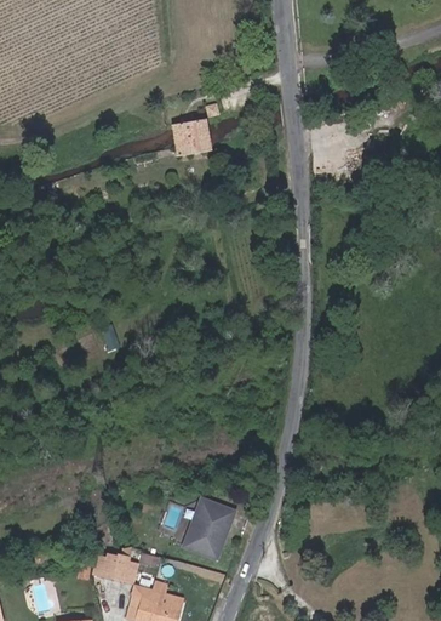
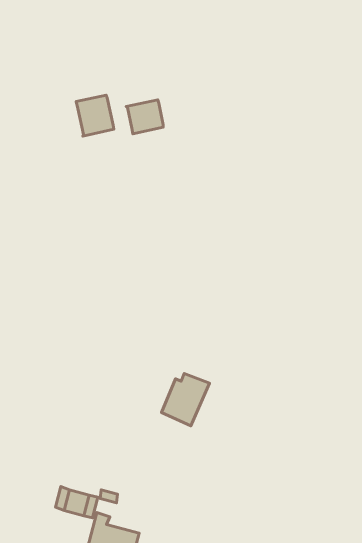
building: none -> [76,95,114,136]
building: [183,502,236,560] -> [161,373,209,426]

